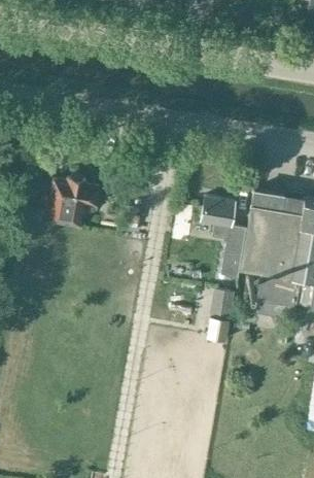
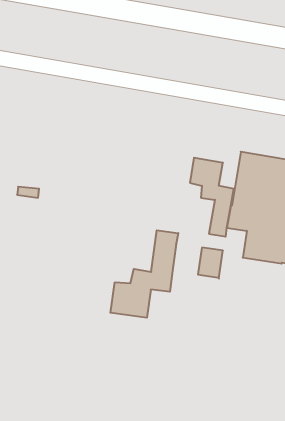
building: [20,174,100,228] -> none
building: none -> [110,230,178,318]

